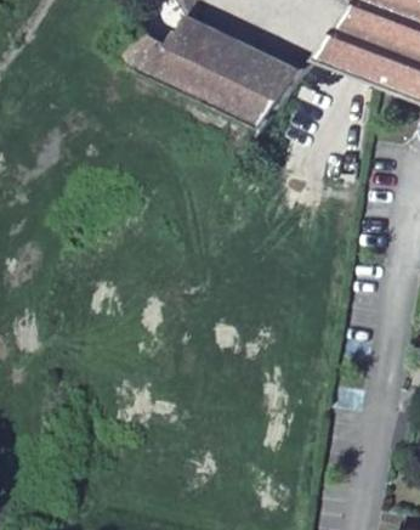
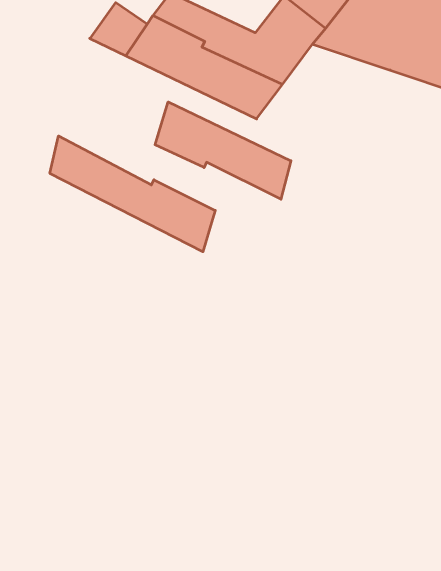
building: none -> [155,102,291,199]
building: none -> [50,136,215,252]

